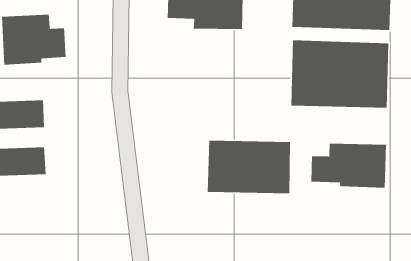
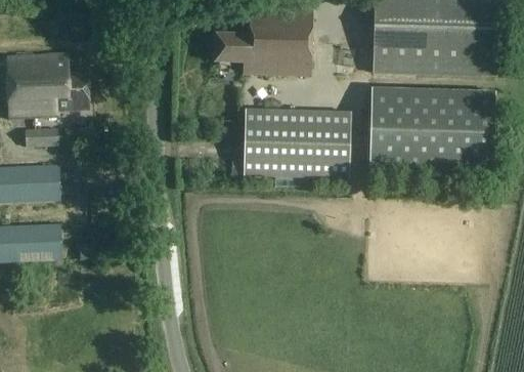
building: none -> [24,127,57,146]
building: [207,140,291,194] -> [244,109,350,177]
building: [310,143,387,188] -> none

